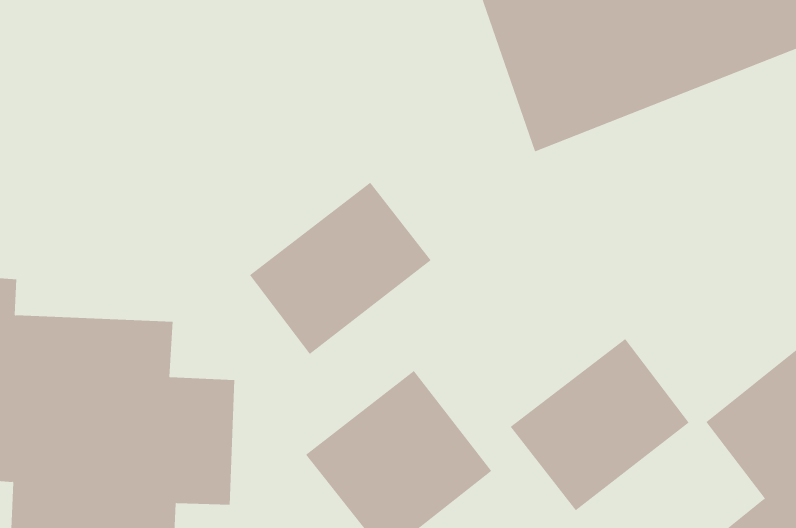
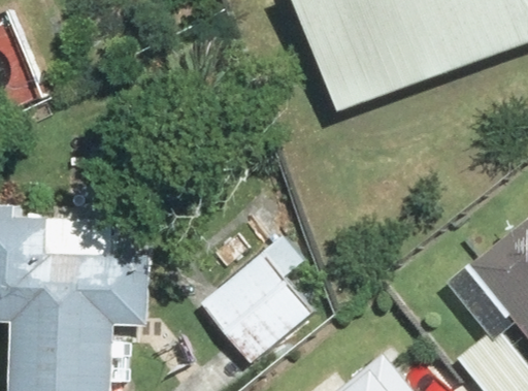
building: [249,182,431,355] -> none
building: [510,338,689,511] -> none

